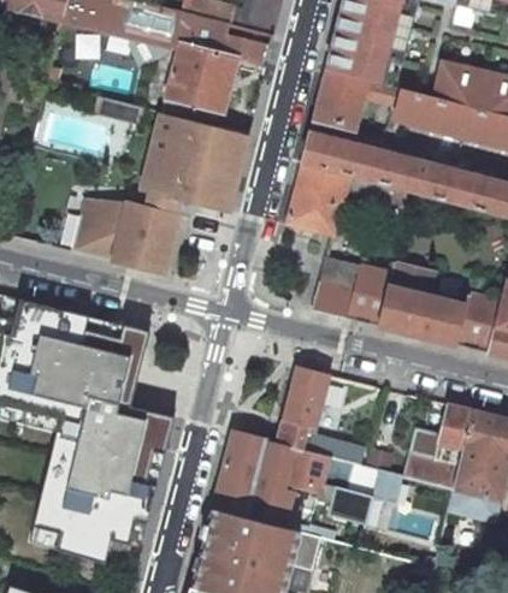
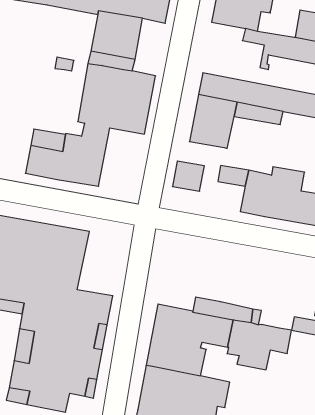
building: [313,69,368,128] -> none
building: [312,275,355,316] -> [172,161,204,191]
building: [282,366,329,432] -> none

